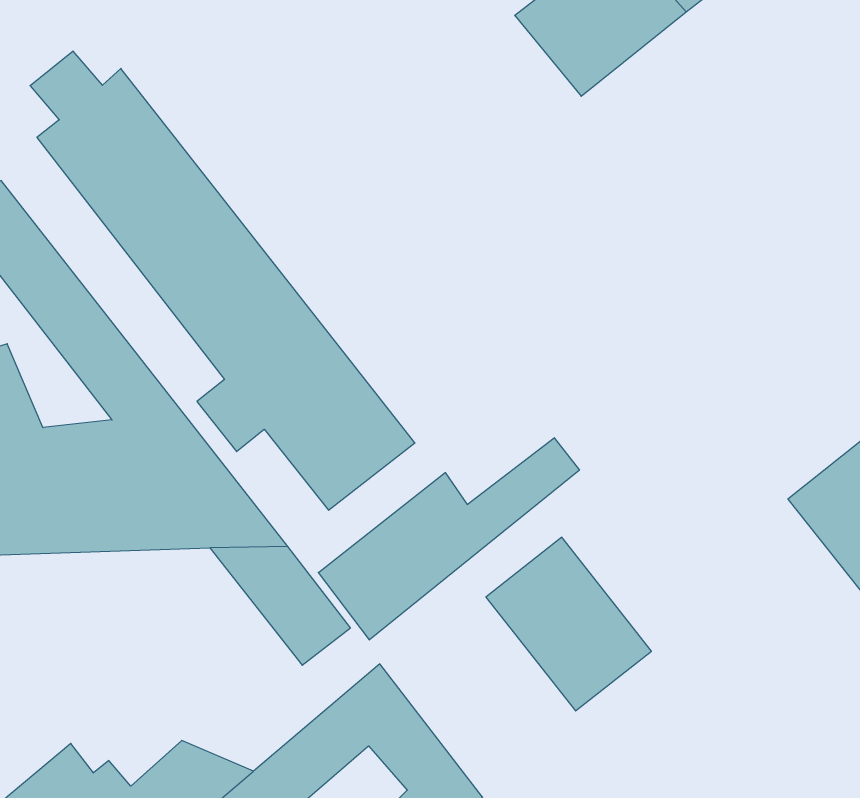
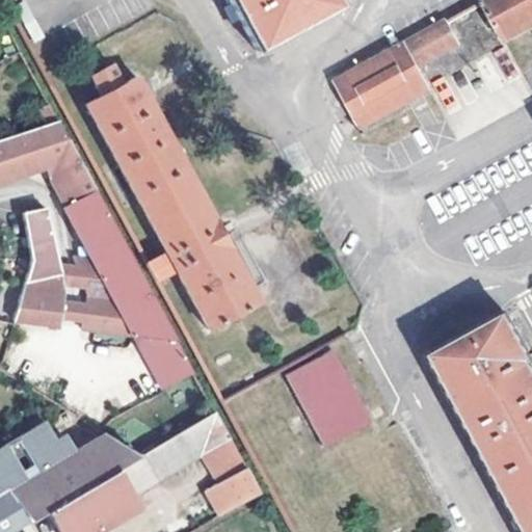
building: [318,438,579,640] -> none

